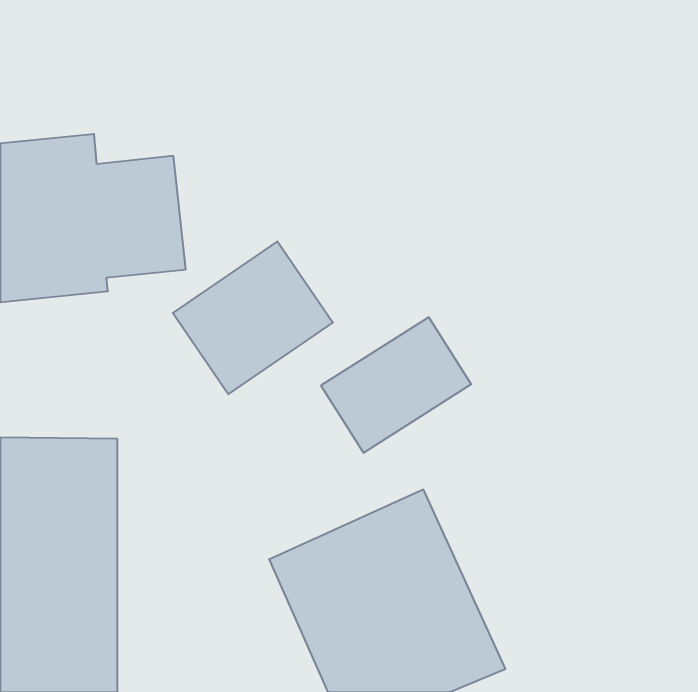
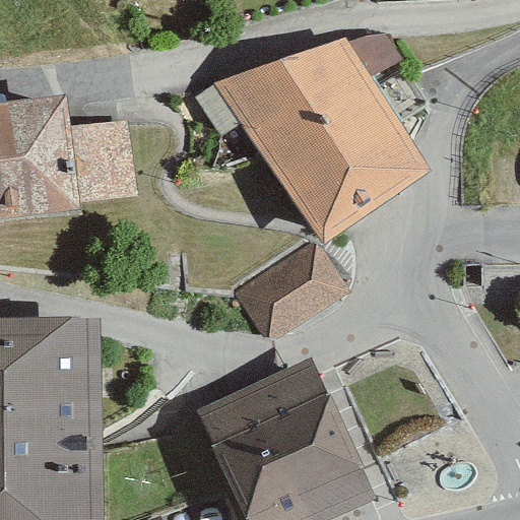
building: none -> [223,50,420,229]
building: [173,241,333,394] -> none

